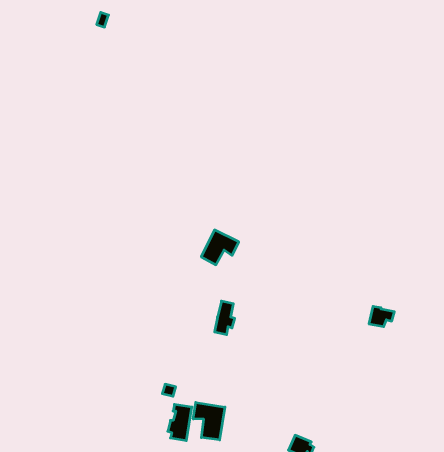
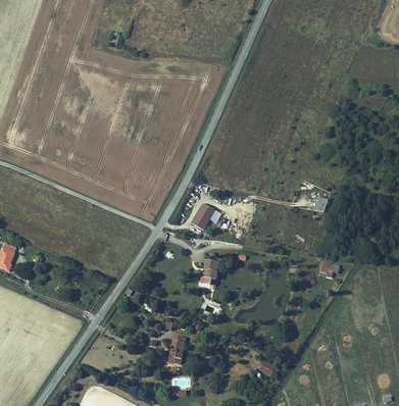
building: [193,402,225,440] -> none

